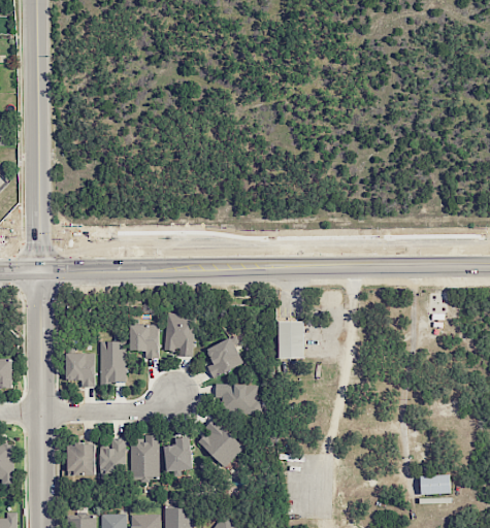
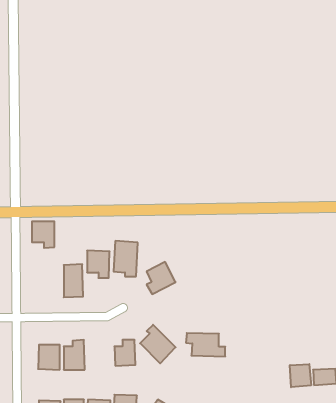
building: [277,321,303,358] -> none
building: [66,353,95,387] -> [32,221,54,248]
building: [215,384,265,414] -> [186,333,225,356]
building: [130,434,159,480] -> none
building: none -> [290,364,311,387]

